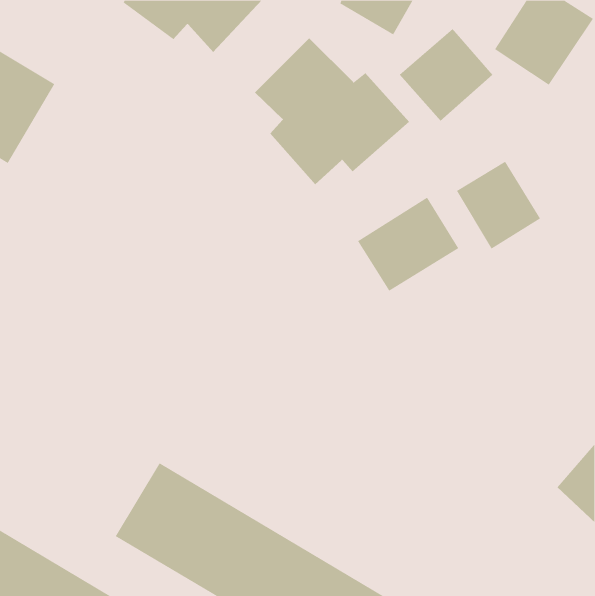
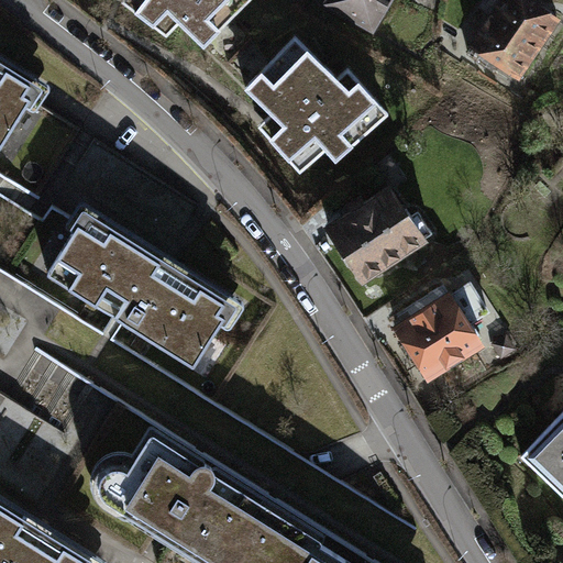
building: [399,28,493,122] -> none
building: [456,161,541,250] -> none
building: none -> [44,206,247,374]
building: none -> [400,288,488,377]

